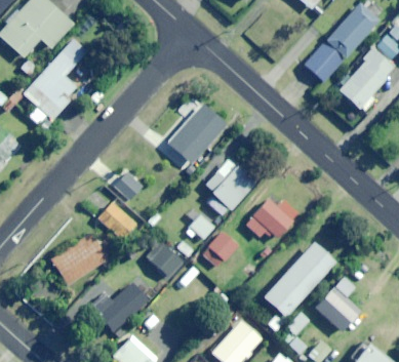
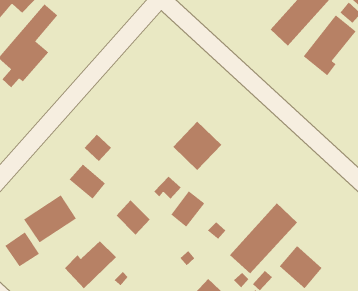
building: [169,106,225,163] -> none
building: [245,199,300,239] -> none
building: none -> [4,232,40,267]

